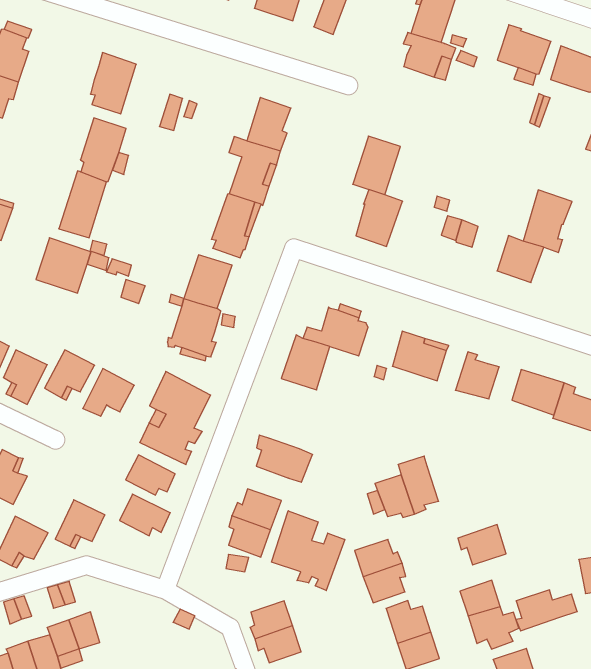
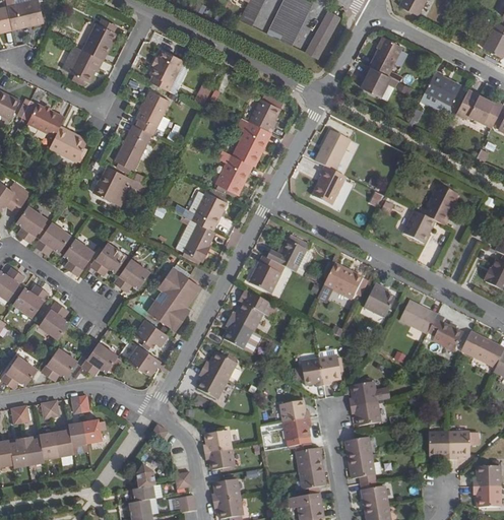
building: none -> [234,288,277,331]
building: [272,511,345,591] -> none
building: [516,590,577,631] -> [348,382,389,406]

